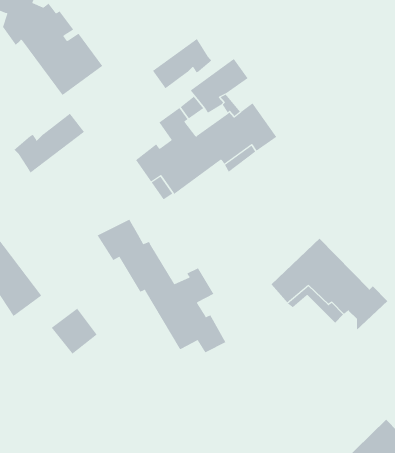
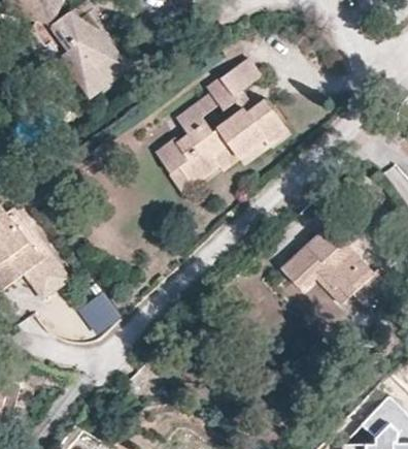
building: [152,38,212,89] -> none
building: [14,113,85,173] -> none
building: [97,219,226,353] -> none

